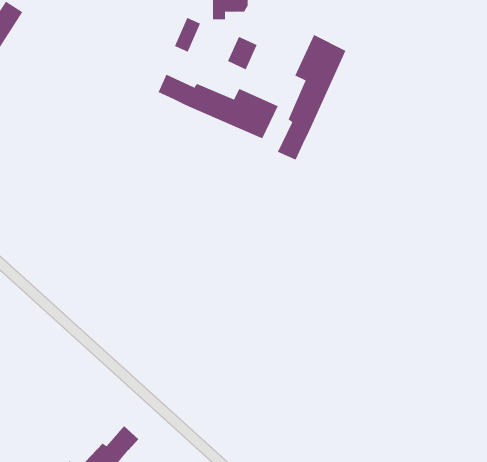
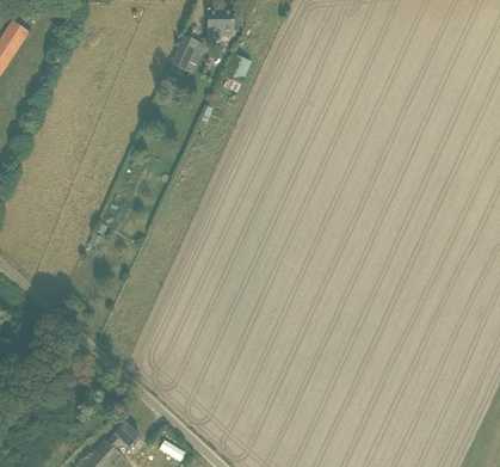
building: [277,34,346,160] -> none
building: [158,74,279,139] -> none

